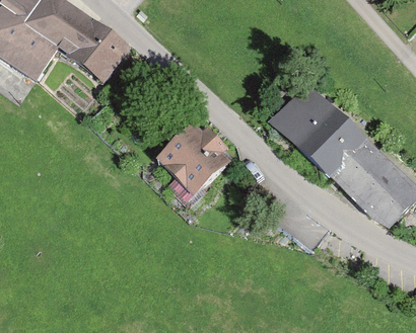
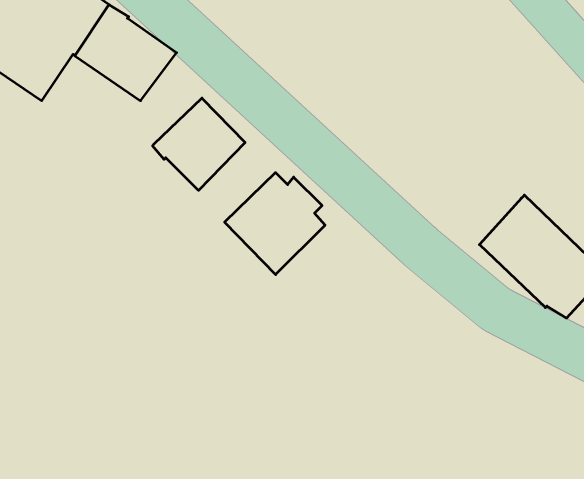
building: none -> [153,98,245,190]
building: [276,91,359,174] -> none

